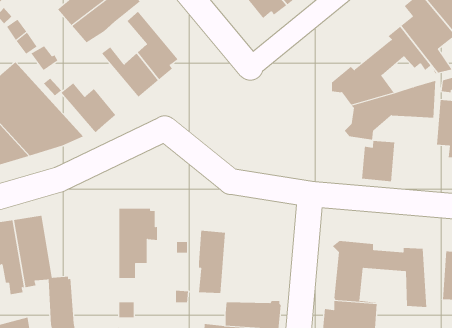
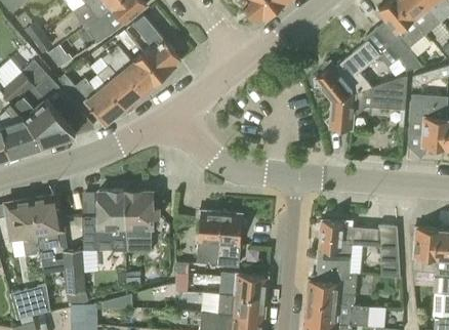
building: none -> [97,53,144,108]
building: [362,140,395,182] -> none
building: none -> [82,191,126,253]
building: none -> [217,212,245,267]

